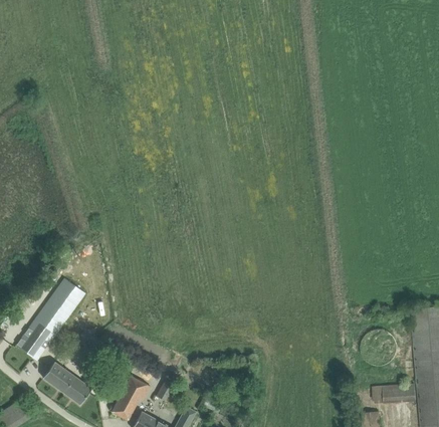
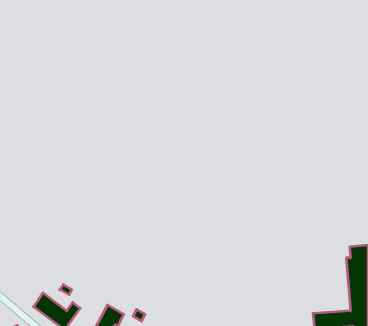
building: [16,277,85,360] -> none

